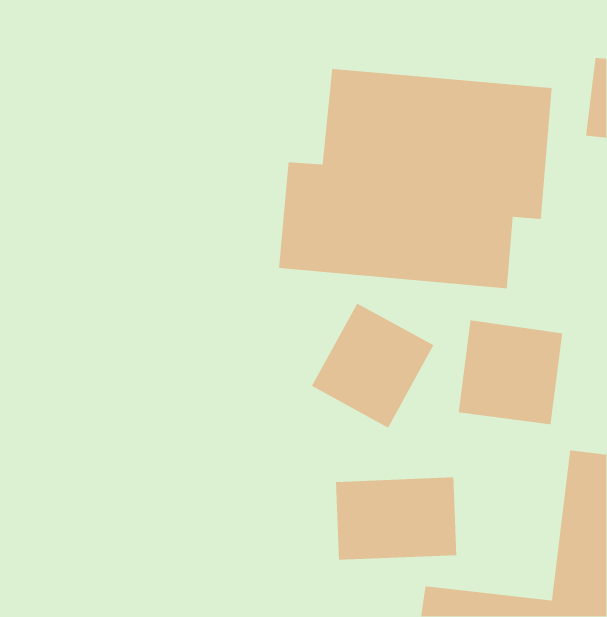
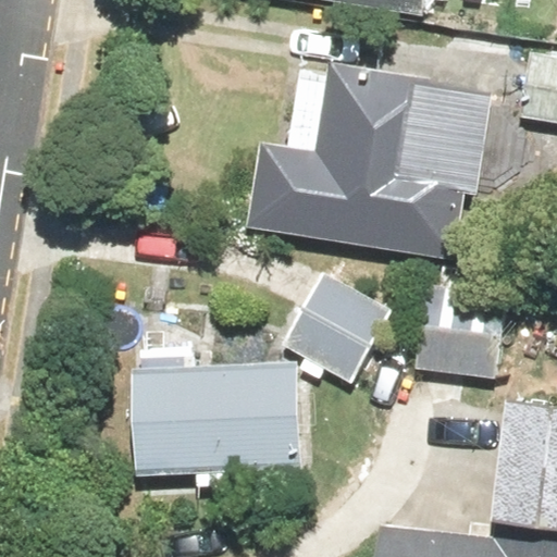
building: none -> [129,349,299,488]
building: [335,477,457,561] -> none

